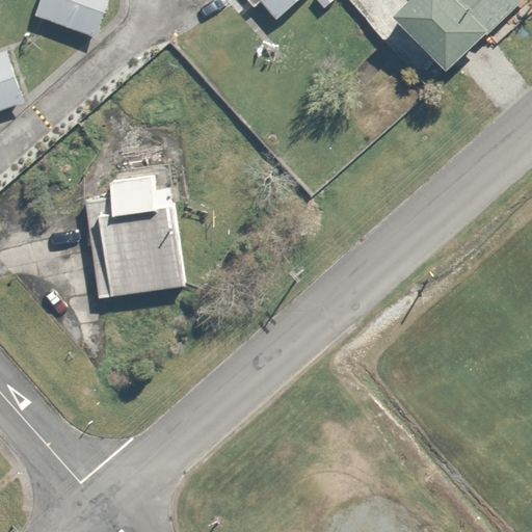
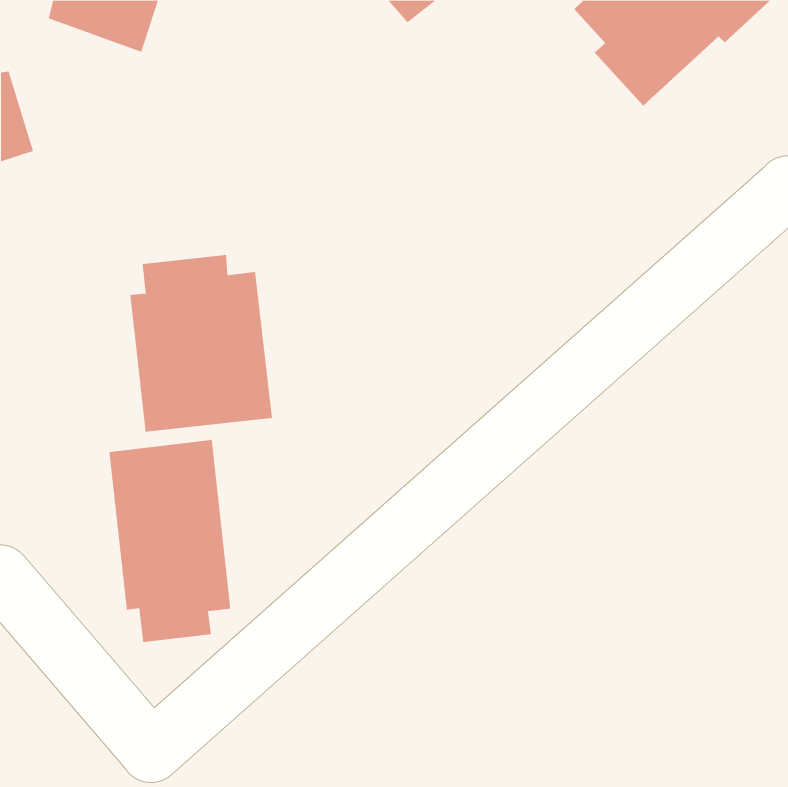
building: none -> [109,439,231,643]

